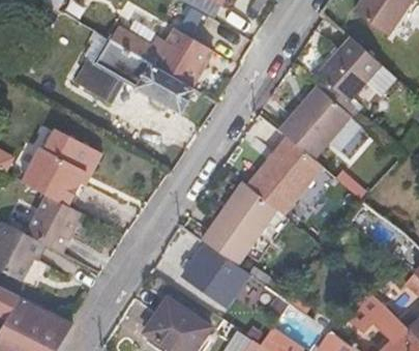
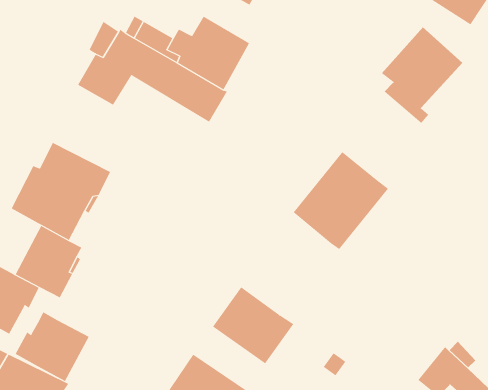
building: [279,85,352,158] -> none
building: [201,180,277,266] -> none
building: none -> [15,312,90,382]

